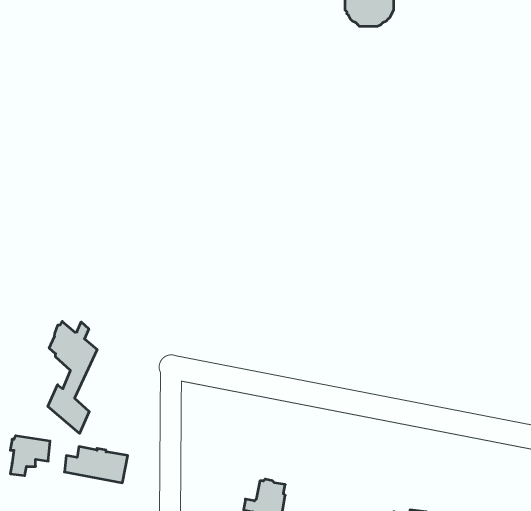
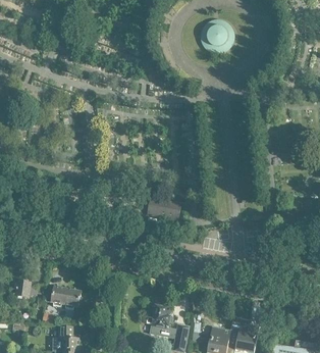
building: none -> [148,200,181,219]
building: [48,321,97,433] -> none

